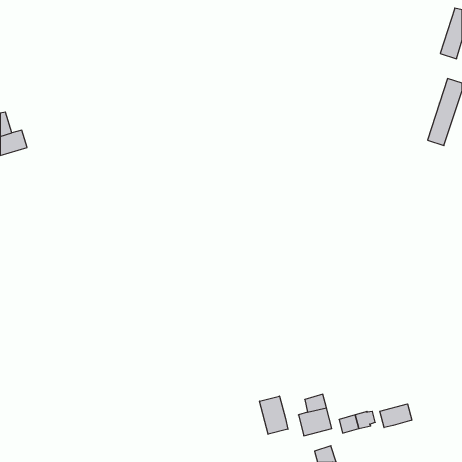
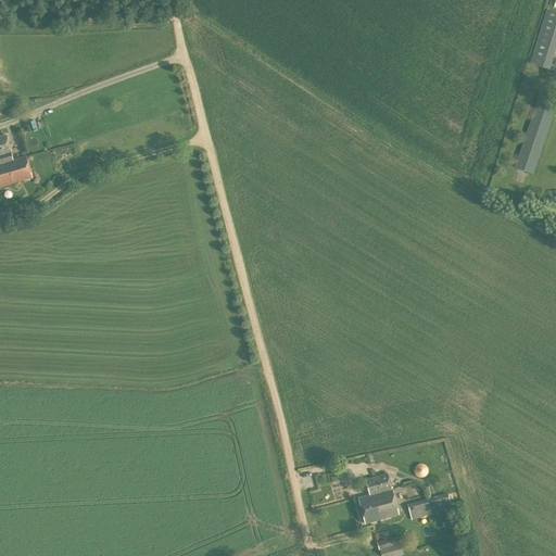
building: [260,396,288,434] -> none
building: [380,404,412,428] -> none

